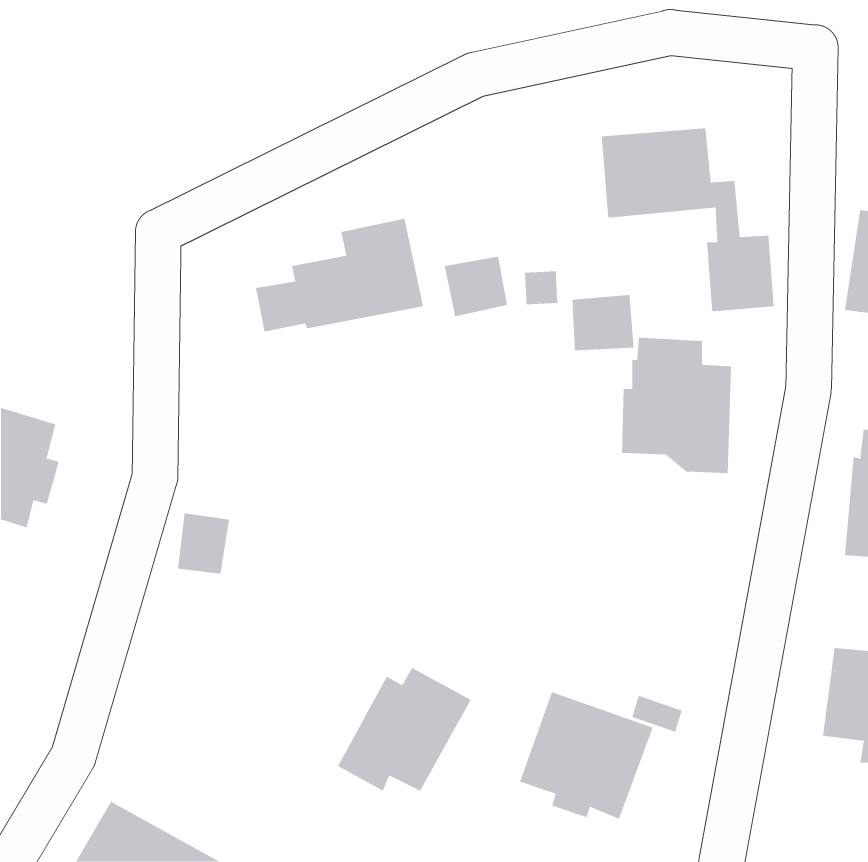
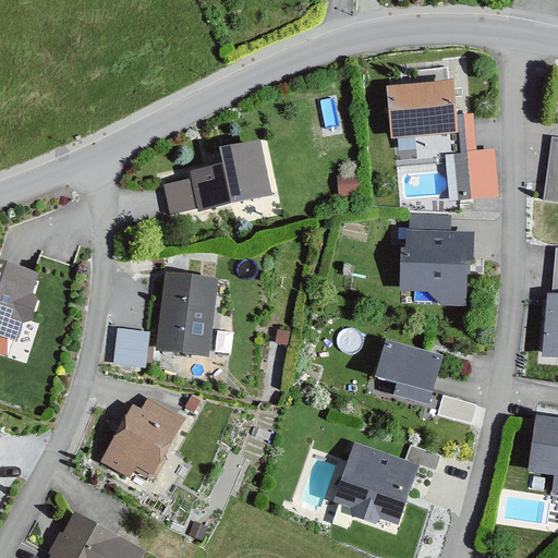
building: [444,256,507,317] -> none
building: [572,294,634,351] -> none
building: none -> [155,274,217,356]
building: none -> [376,339,442,403]
building: [337,667,472,792] -> [100,399,186,478]

